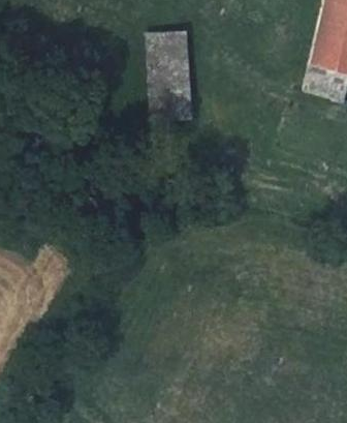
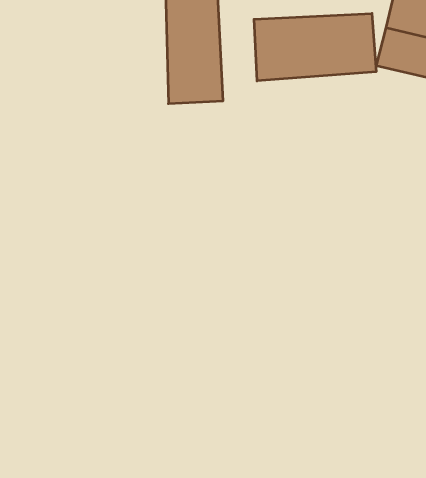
building: none -> [254,13,376,81]

